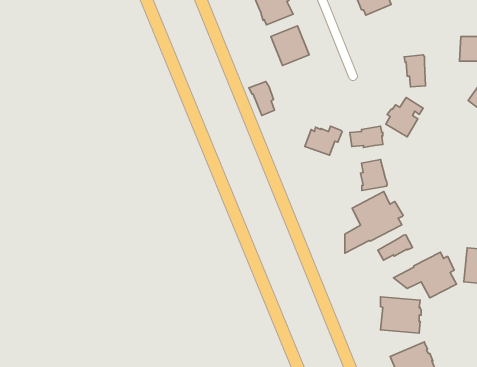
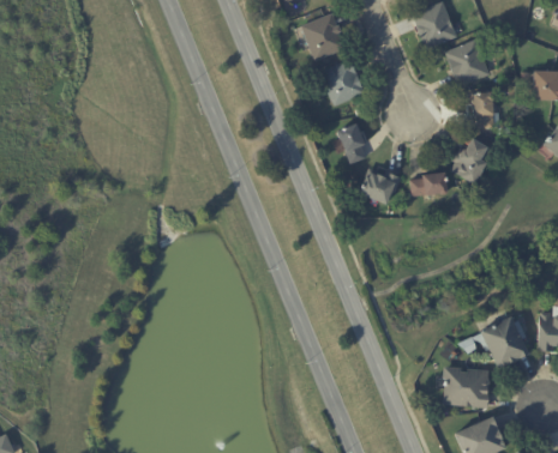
building: none -> [445,40,490,85]
building: [249,81,275,116] -> [336,125,365,163]
building: [360,159,387,190] -> none
building: [345,192,403,253] -> none
building: [378,235,412,260] -> none

